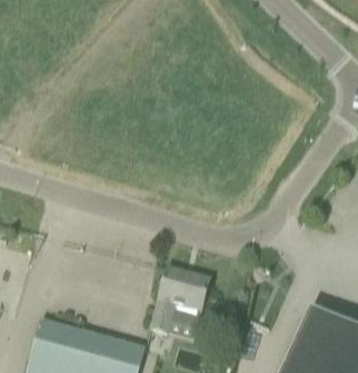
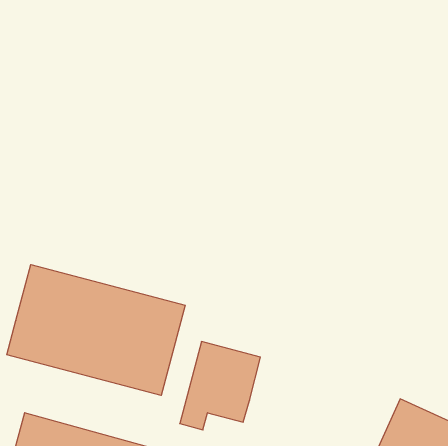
building: none -> [7,265,185,395]

